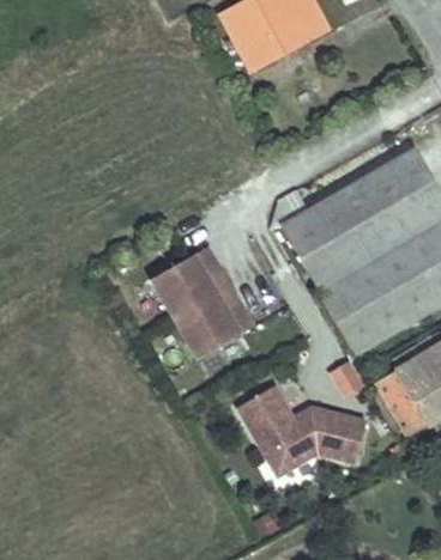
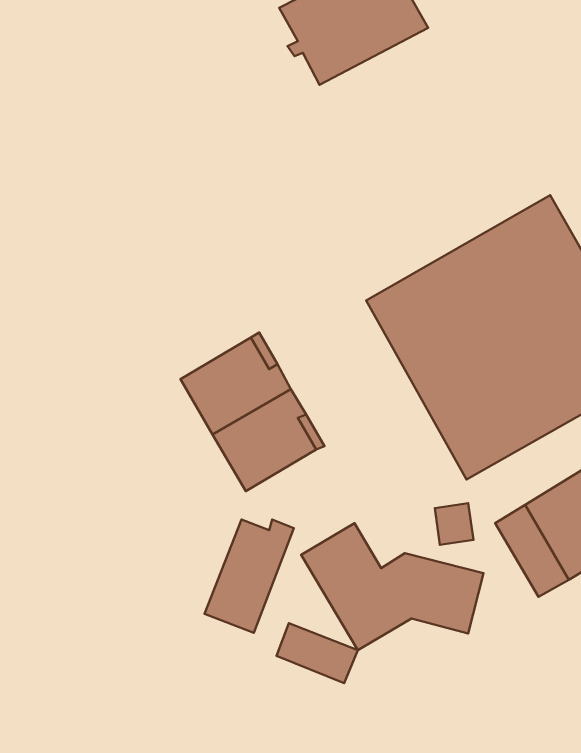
building: none -> [204,519,294,633]
building: none -> [277,623,358,683]

